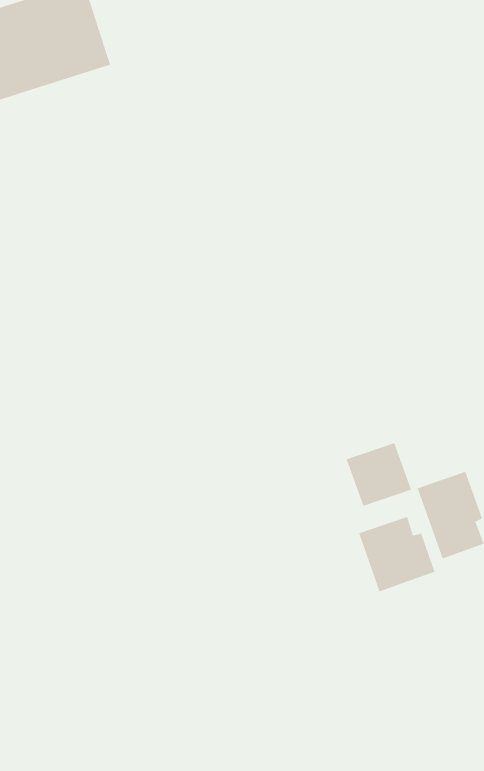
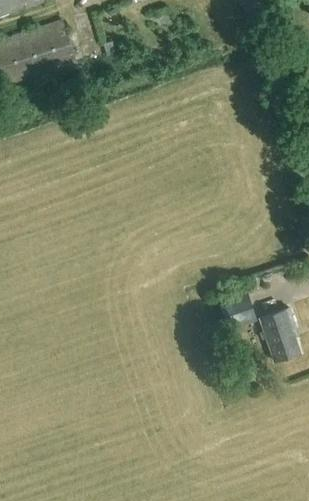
building: [359,516,435,592] -> none

